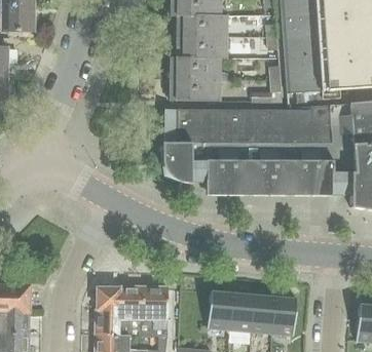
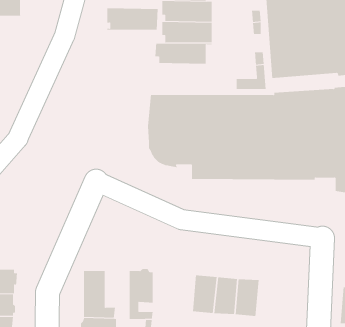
building: [169,78,221,101] -> [107,8,158,30]
building: [119,285,143,337] -> none
building: [271,297,296,336] -> none

